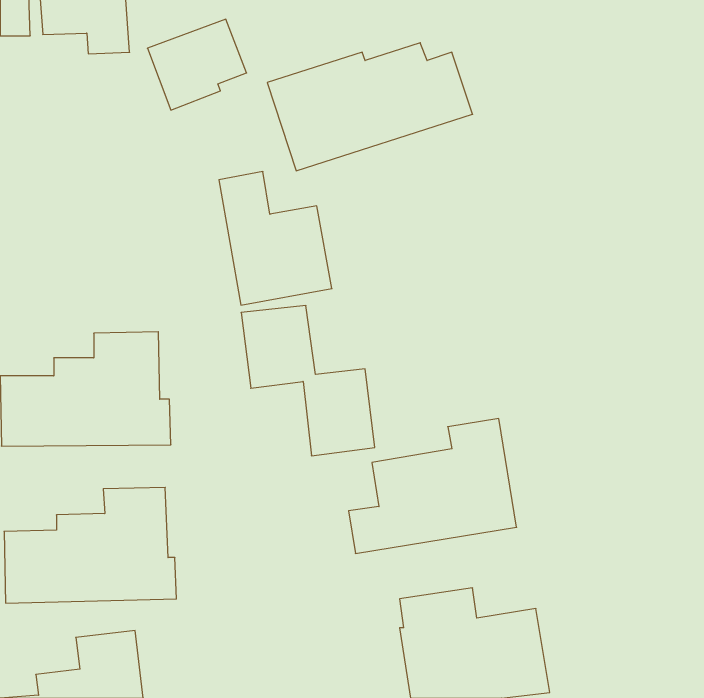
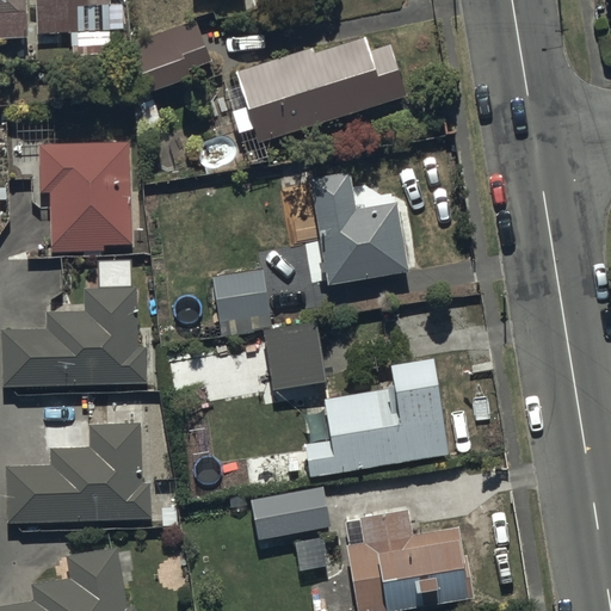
building: none -> [37,141,131,254]
building: [219,172,332,305] -> [311,173,409,289]
building: none -> [247,483,329,542]

